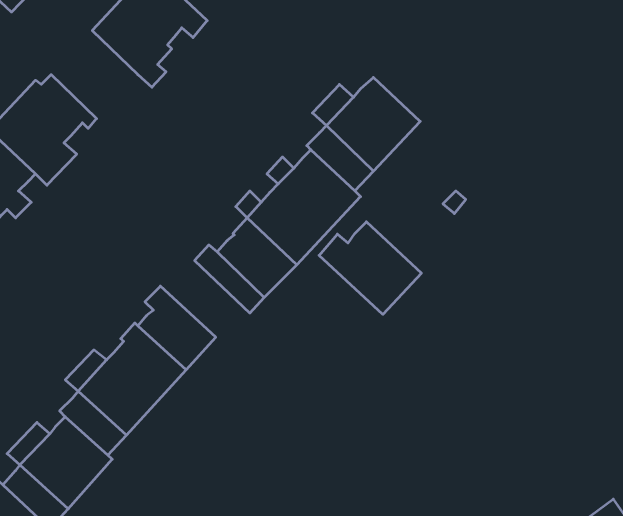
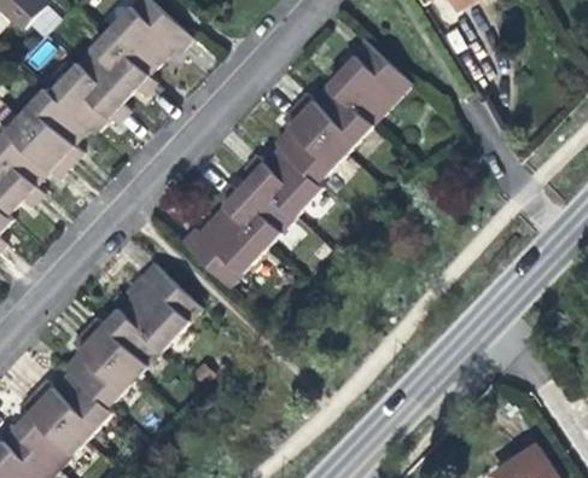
building: none -> [328,37,412,124]
building: none -> [58,47,132,124]
building: [319,222,421,314] -> none

